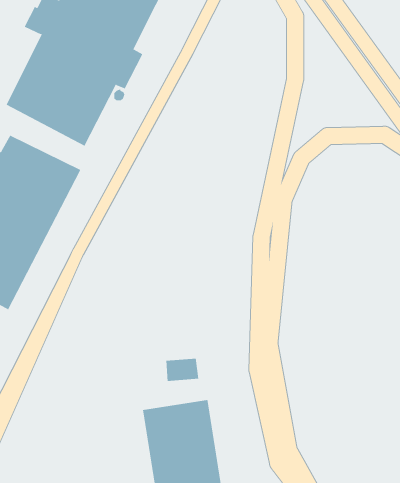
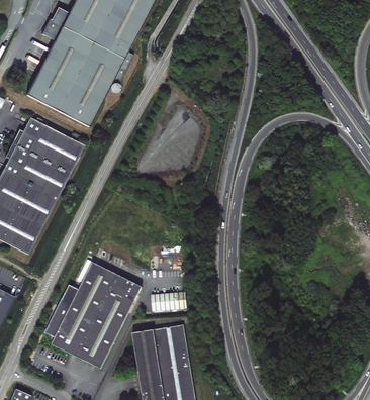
building: none -> [44,260,142,367]

